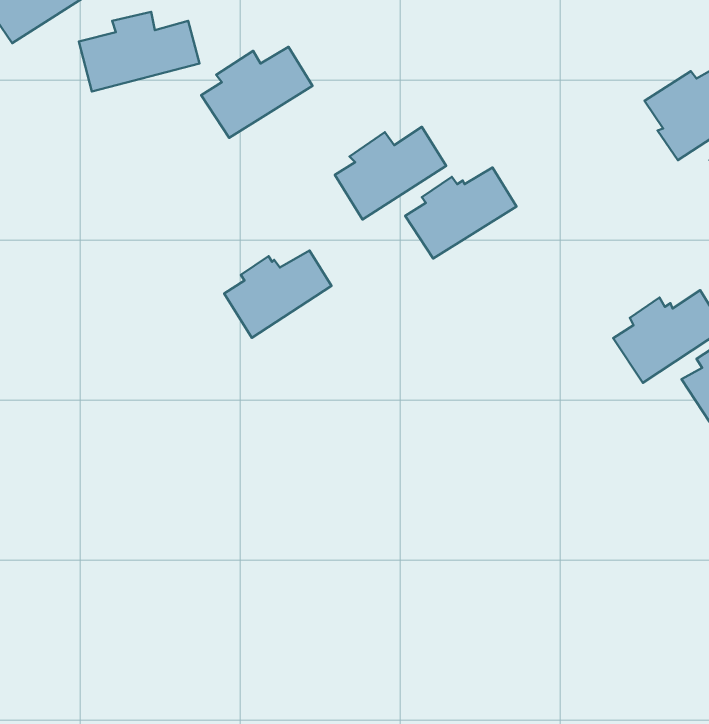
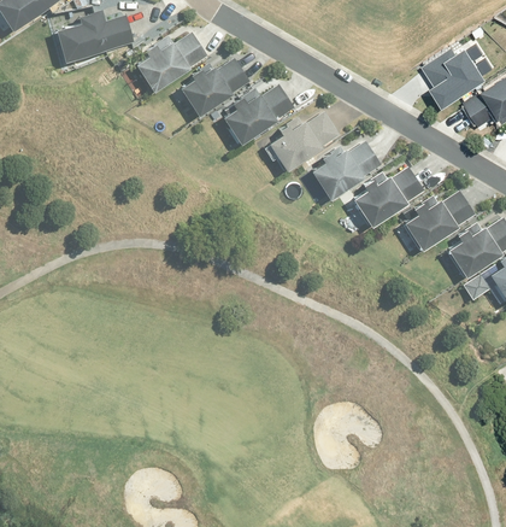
building: none -> [308,142,380,201]
building: [224,251,332,338] -> [178,60,248,117]
building: none -> [351,169,423,227]

